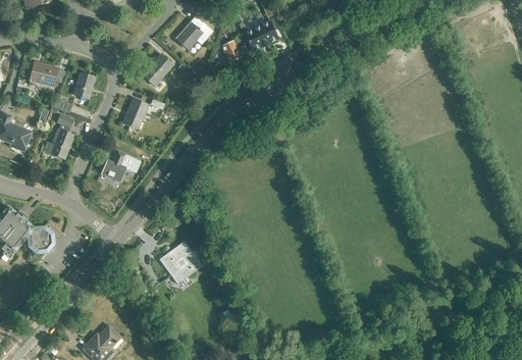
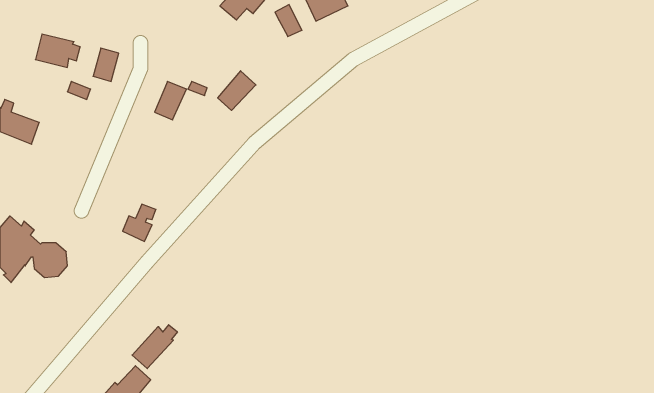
building: [143,54,173,86] -> [218,71,256,110]
building: [43,115,74,159] -> none
building: [102,152,128,182] -> [123,204,156,241]
building: [159,242,202,285] -> none
building: none -> [132,325,177,369]

